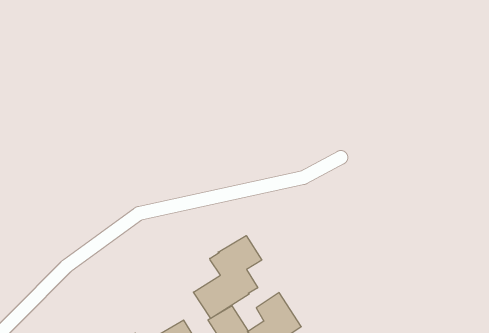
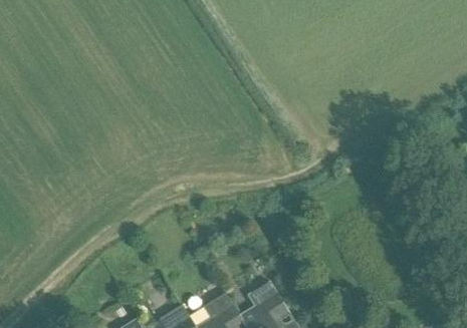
building: [193,236,262,318] -> none

